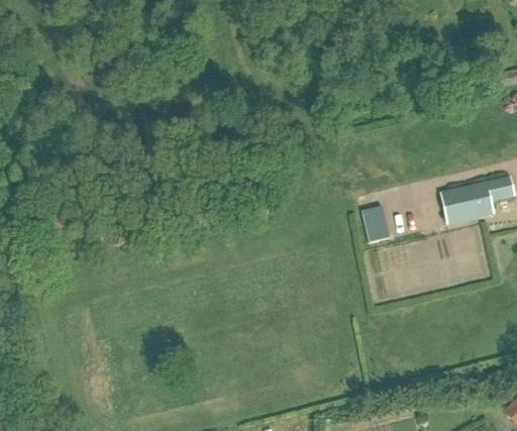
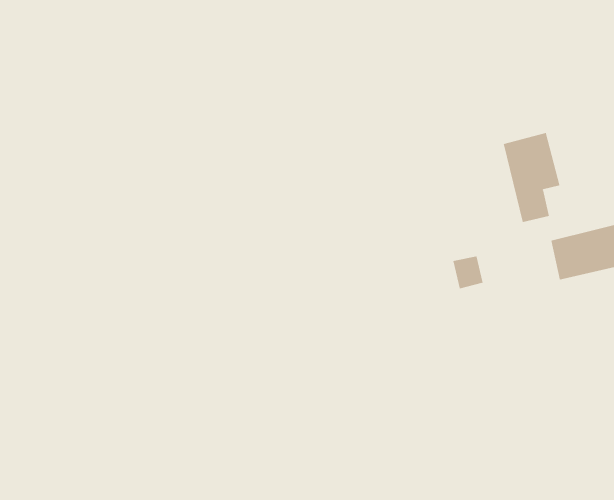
building: none -> [503,132,560,223]

